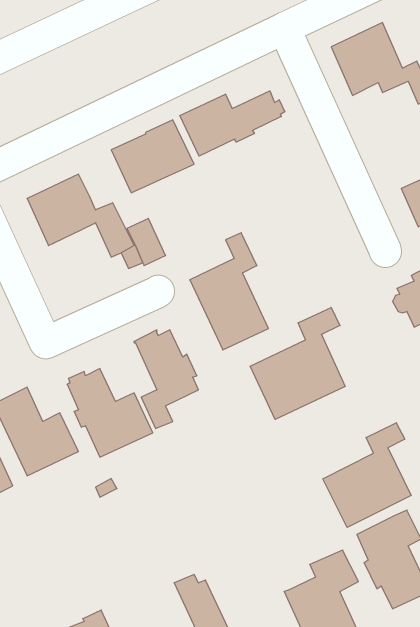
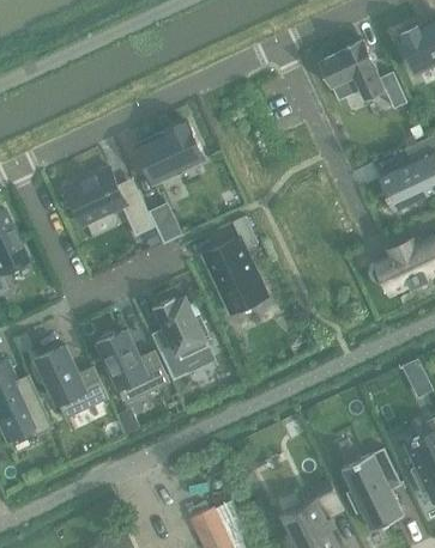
building: [180,91,285,156] -> none
building: [250,307,345,419] -> none
building: [323,423,411,527] -> none

